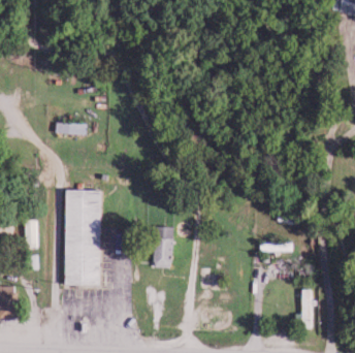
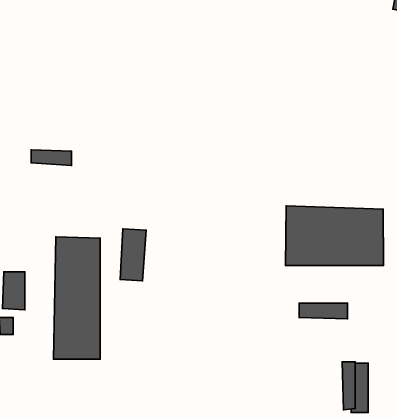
building: none -> [285,206,384,265]
building: [153,225,173,266] -> [120,229,146,281]

